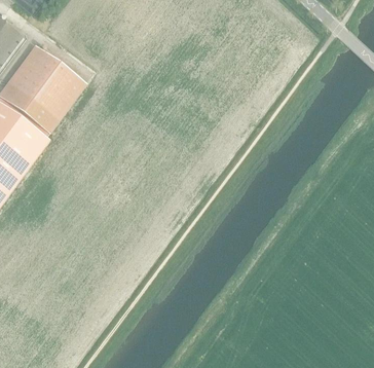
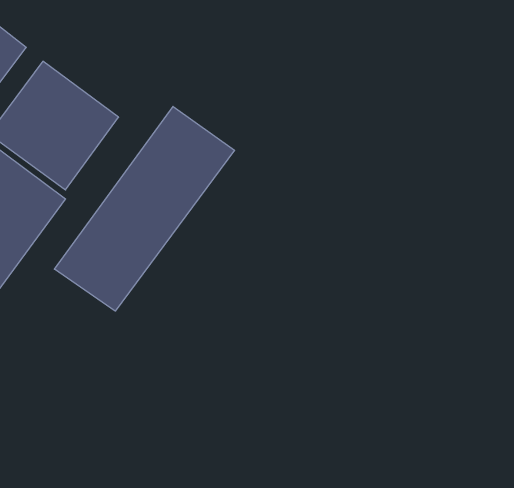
building: none -> [54,106,235,311]

